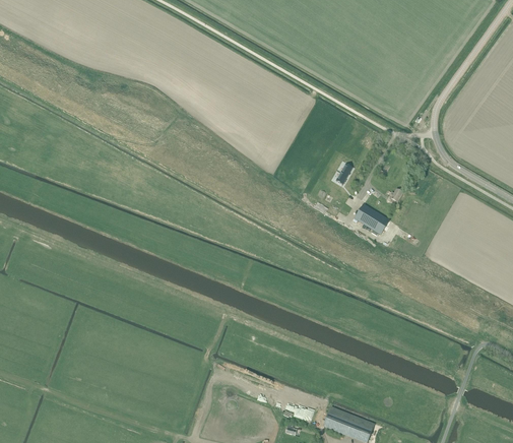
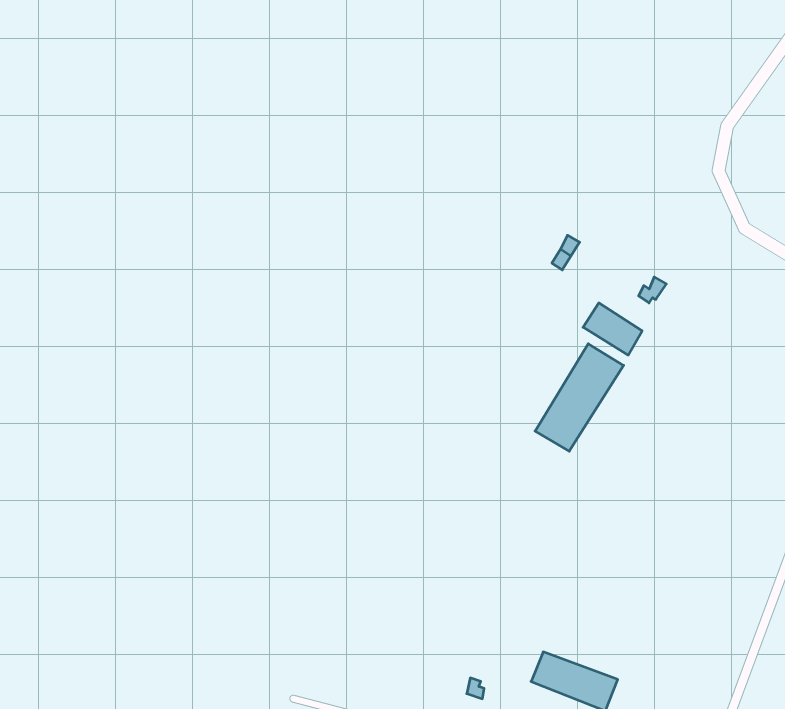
building: none -> [535,344,624,451]

